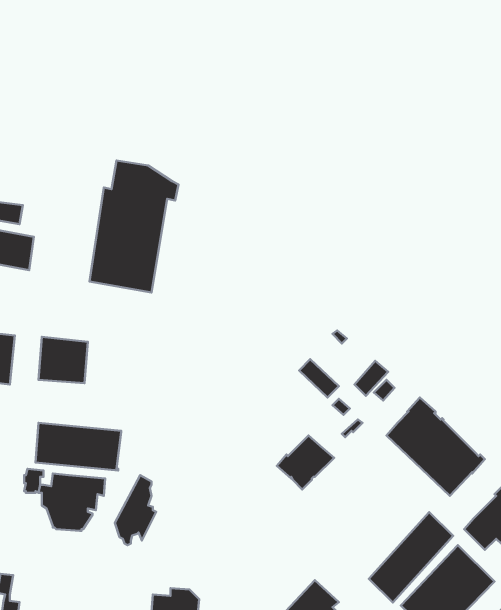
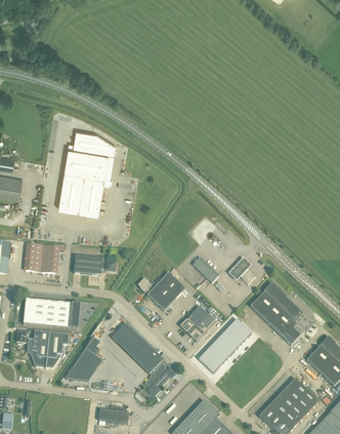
building: none -> [74,254,116,274]
building: none -> [137,271,185,310]
building: none -> [113,323,175,395]
building: [369,512,453,603] -> [198,318,252,377]

